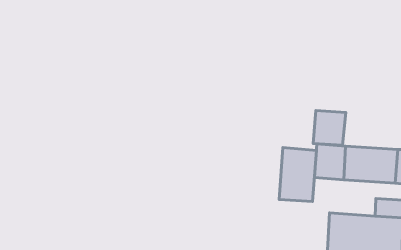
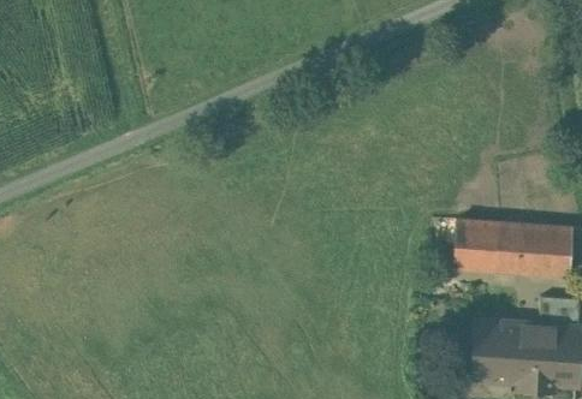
building: [313,110,346,145] -> none
building: [279,147,316,202] -> none

